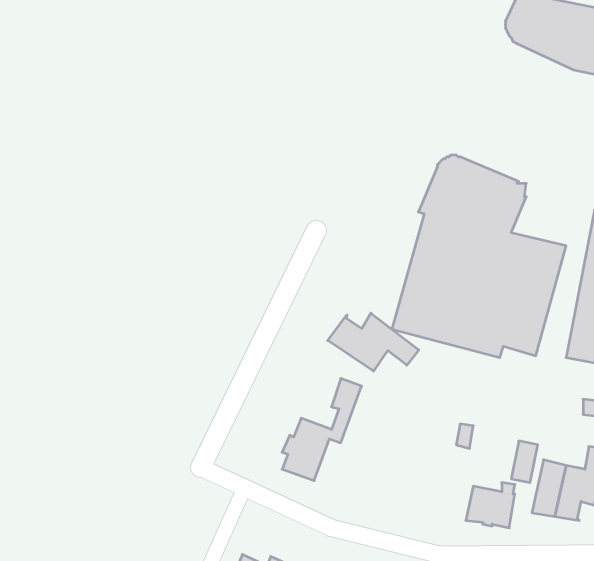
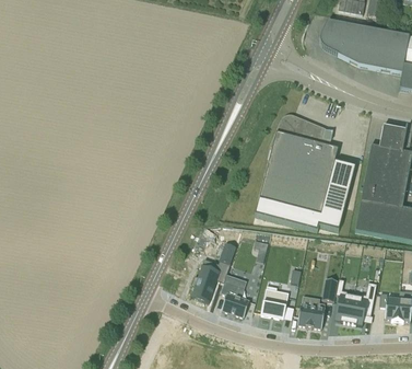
building: [328,313,419,371] -> none
building: none -> [220,282,249,318]
building: none -> [261,289,290,318]

